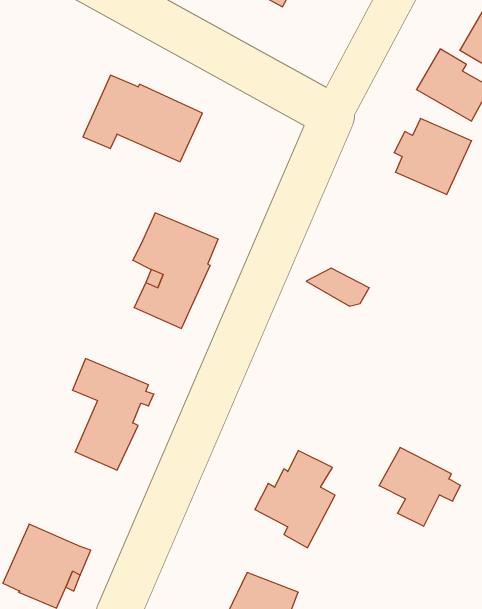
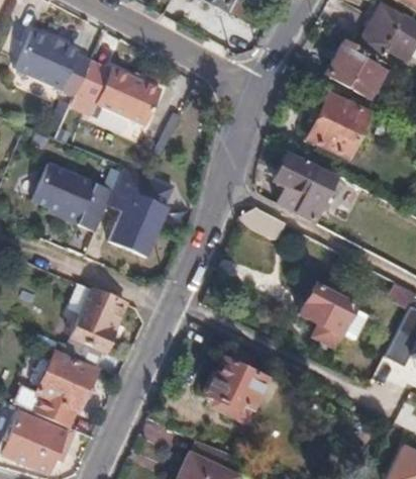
building: none -> [16,33,91,97]
building: none -> [276,151,334,220]
building: none -> [33,165,114,231]
building: [379,447,461,526] -> [300,286,362,347]
building: none -> [20,353,93,424]

